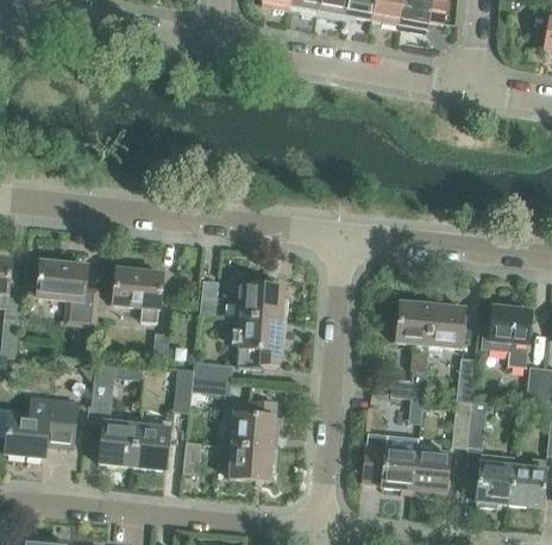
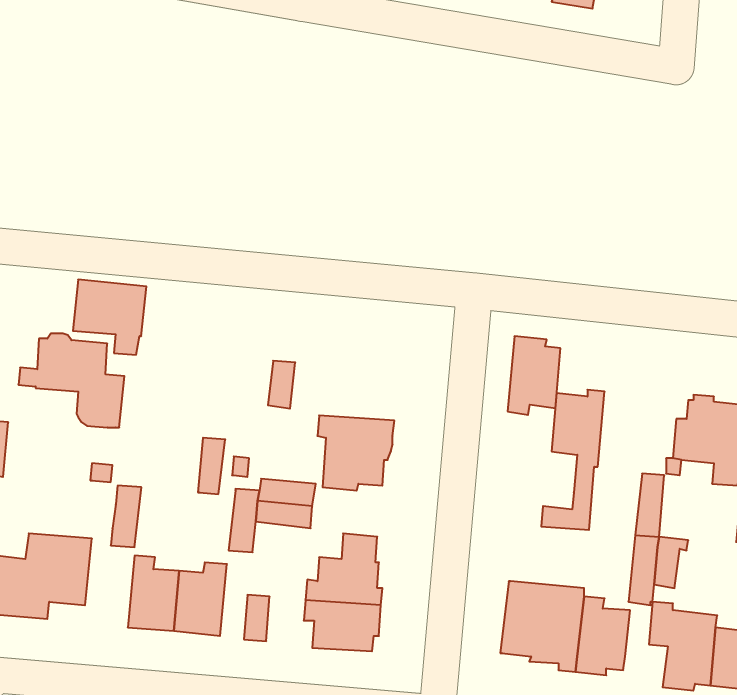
building: [113,270,164,322] -> [73,280,146,355]
building: [236,283,289,320] -> none
building: [429,300,466,355] -> [508,336,560,415]

